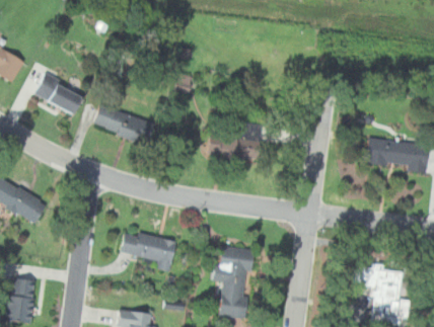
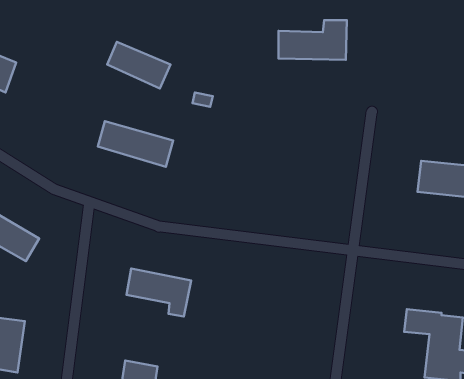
building: [37,76,90,115] -> [107,42,171,88]
building: [207,125,265,158] -> [279,20,347,60]
building: [213,246,251,319] -> none

